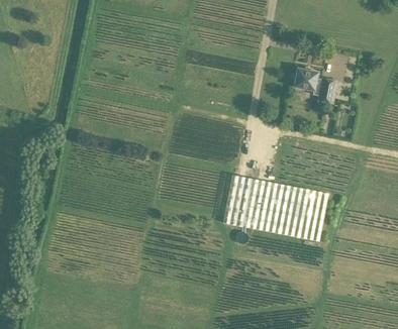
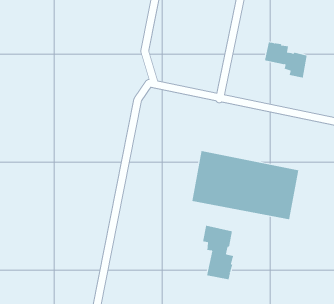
building: none -> [202,225,234,280]

